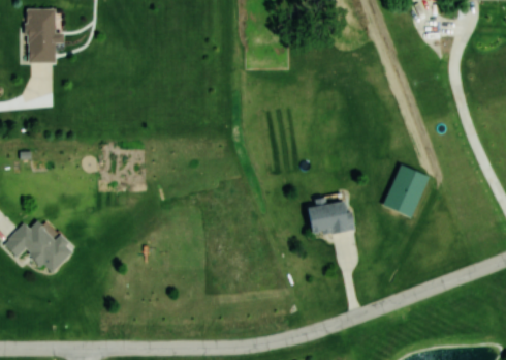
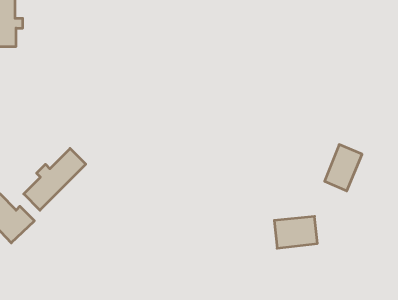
building: none -> [24,148,86,210]
building: [306,201,352,235] -> [274,216,317,248]

